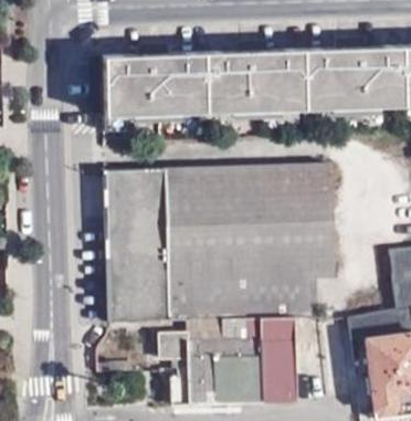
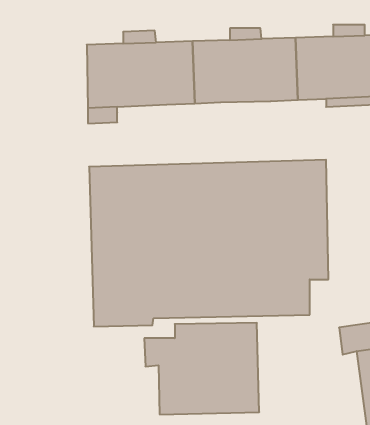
building: [264,317,295,402] -> none

